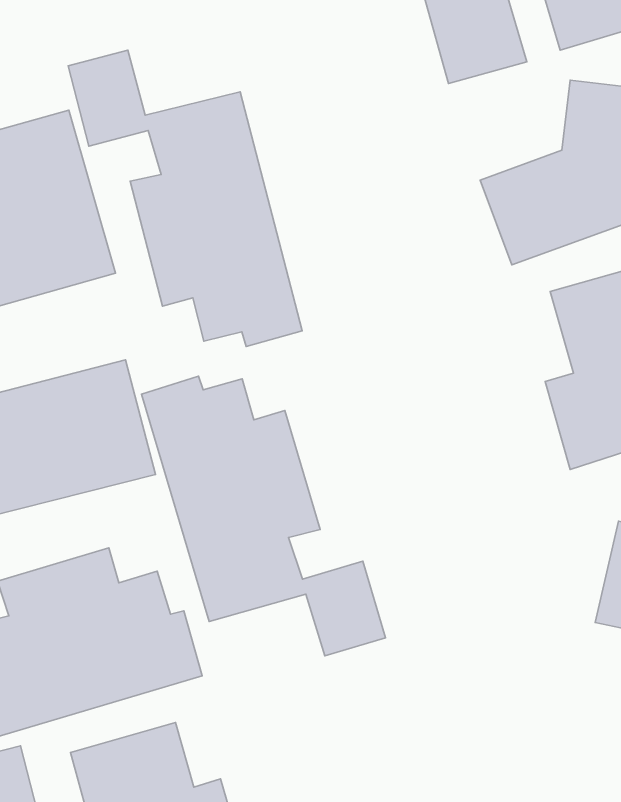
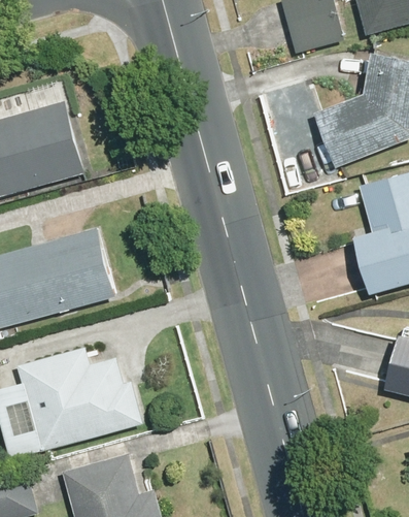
building: [68,50,302,346] -> none
building: [141,376,385,656] -> none

